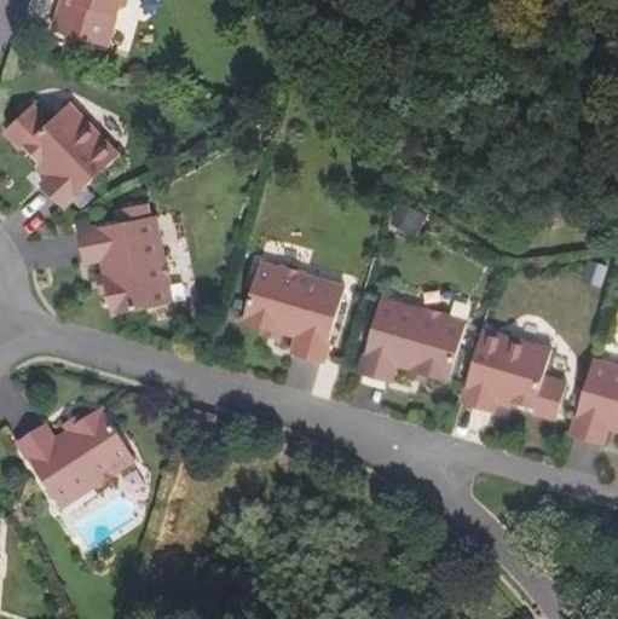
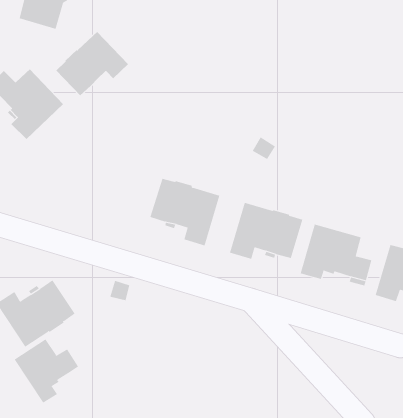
building: none -> [56,31,129,96]
building: [77,214,171,313] -> none
building: none -> [14,338,79,404]

